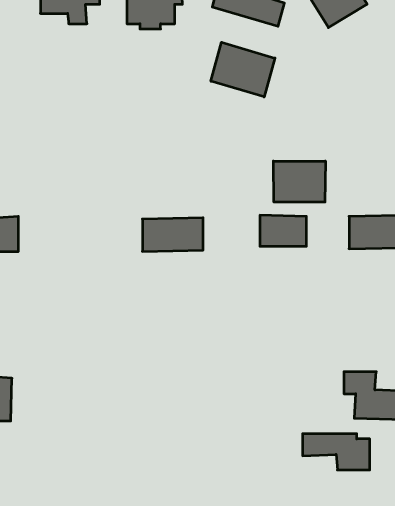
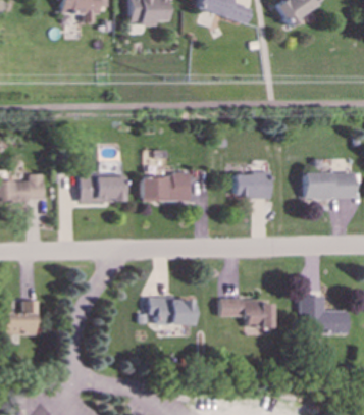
building: [211,42,275,97] -> none
building: [273,161,325,202] -> none
building: none -> [79,164,123,202]
building: none -> [147,297,193,325]
building: [303,434,370,470] -> [219,299,272,327]

